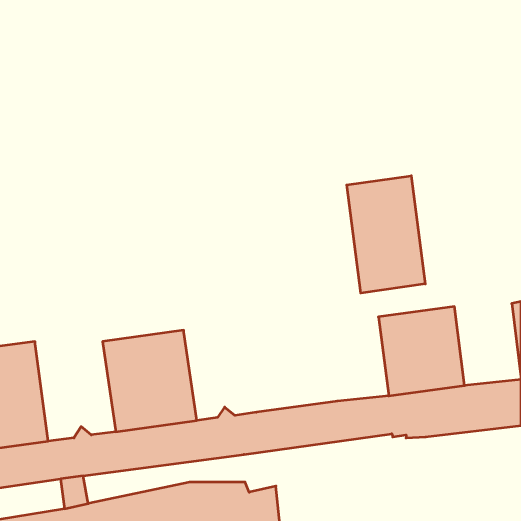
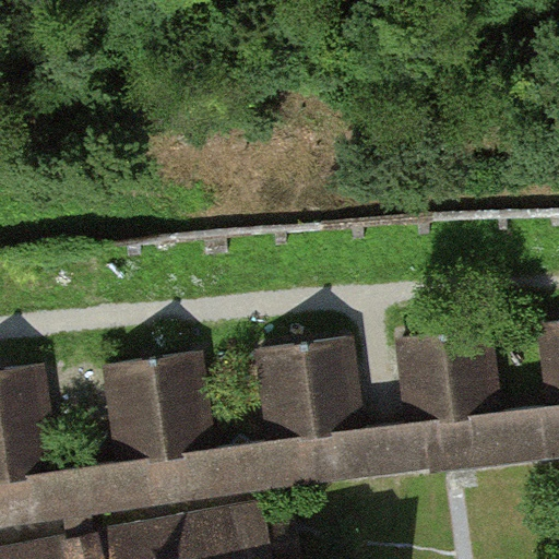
building: [347,176,425,293] -> none
building: none -> [261,341,359,442]

